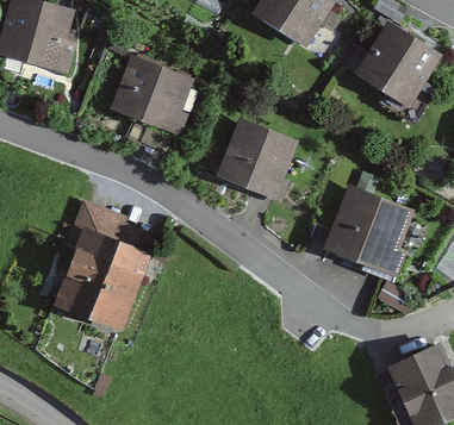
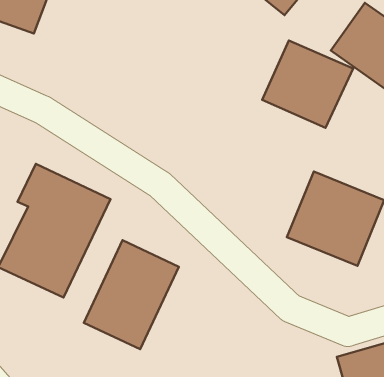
building: [107,58,189,137] -> none
building: [214,119,299,200] -> [262,40,353,128]
building: none -> [84,240,179,349]

